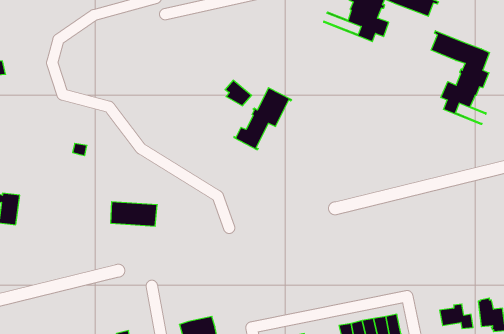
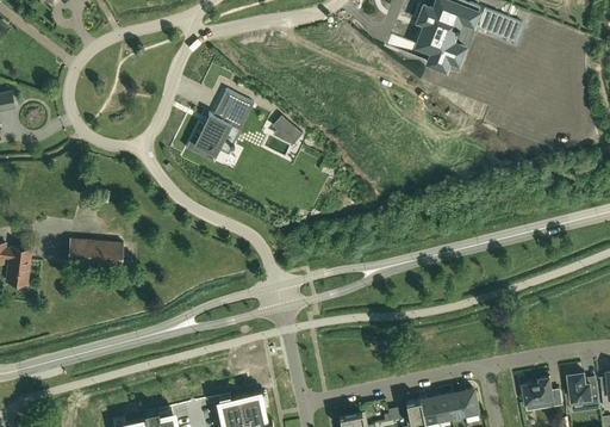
building: [431,31,490,124] -> none
building: [234,88,292,150] -> [186,89,254,162]
building: [111,202,157,226] -> [68,240,123,268]

